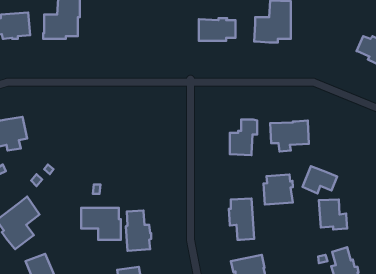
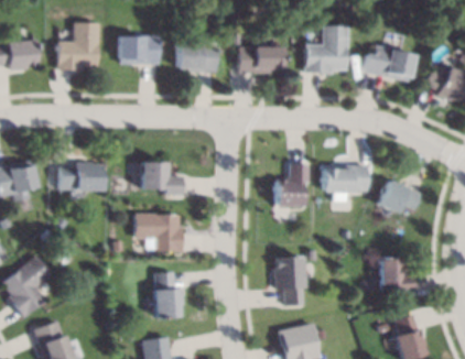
building: none -> [119,35,158,64]
building: none -> [176,43,215,72]
building: none -> [364,47,412,80]
building: none -> [60,161,104,189]
building: none -> [142,162,183,195]
building: [302,166,337,193] -> [379,181,420,213]
building: [263,174,293,204] -> none
building: [81,208,121,240] -> [136,214,182,251]

